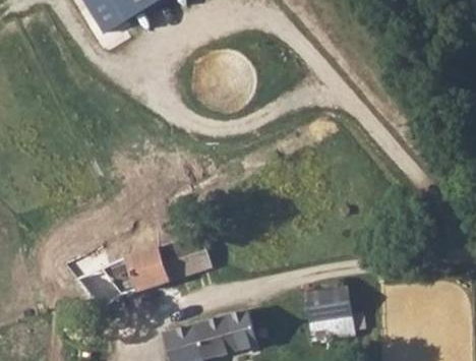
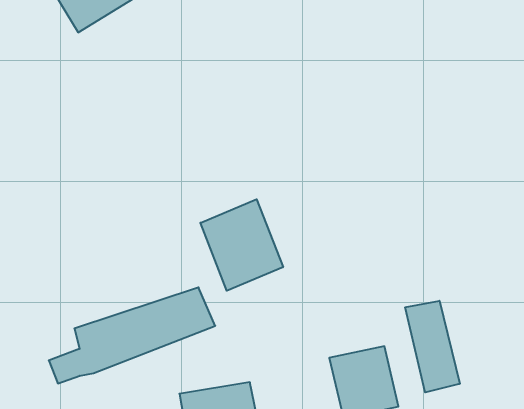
building: none -> [200,199,283,291]
building: none -> [405,301,460,392]

